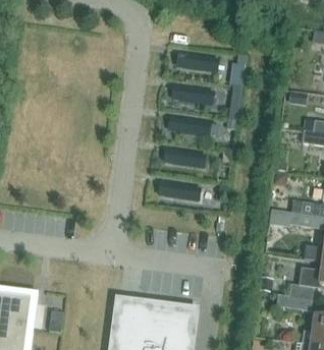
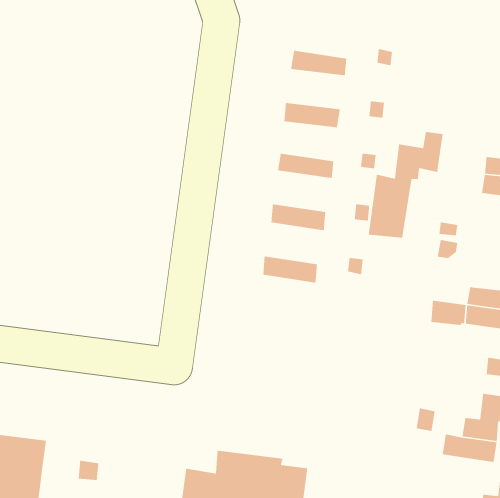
building: none -> [368,131,443,239]

